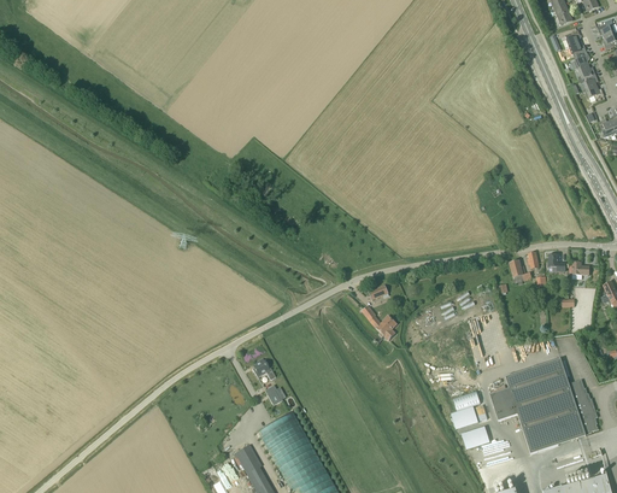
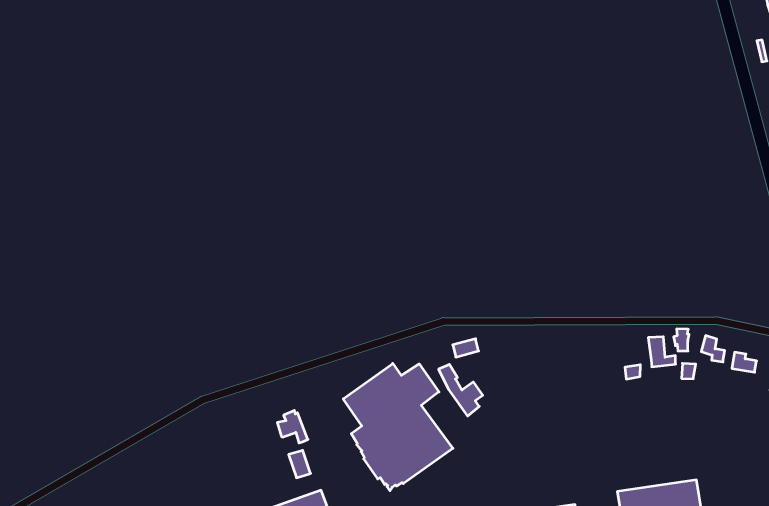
building: none -> [343,363,453,491]

